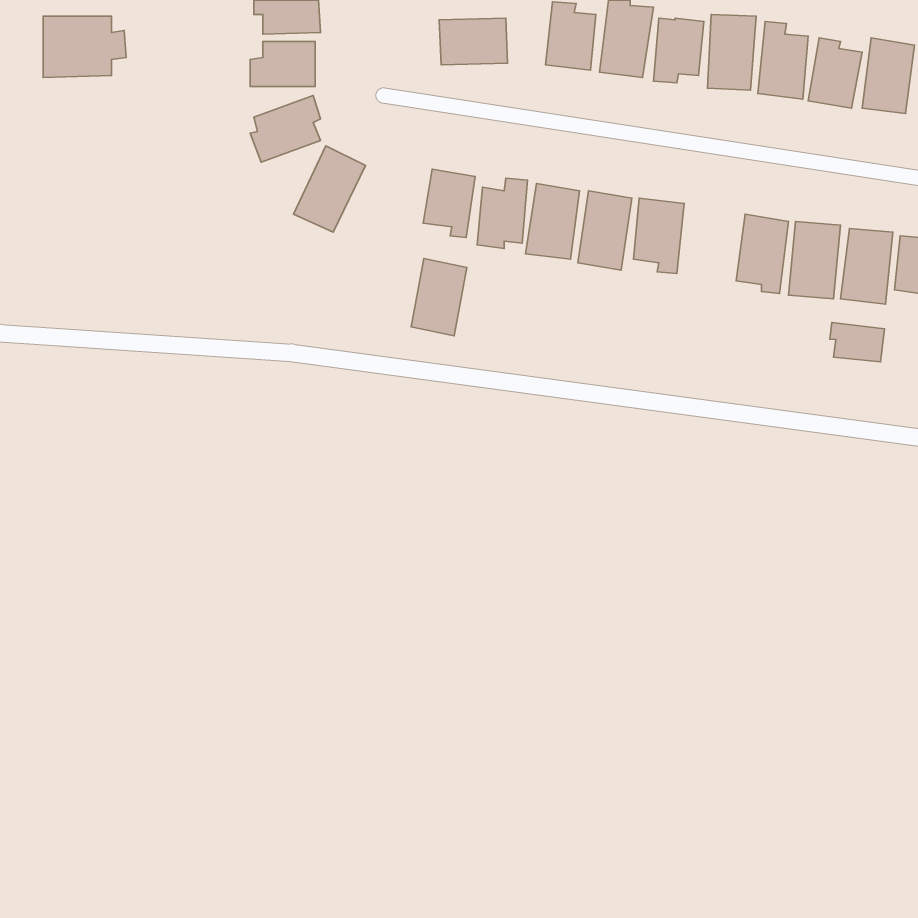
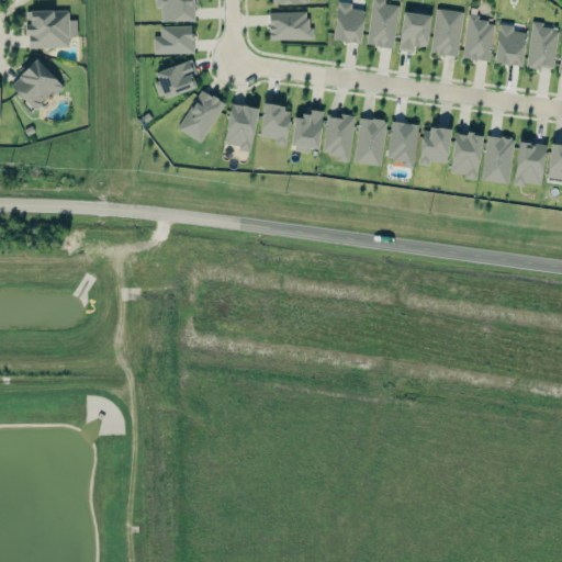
building: none -> [11,59,63,111]
building: none -> [418,127,451,167]
building: [411,259,467,336] -> [224,103,258,150]
building: [830,323,885,362] -> none

